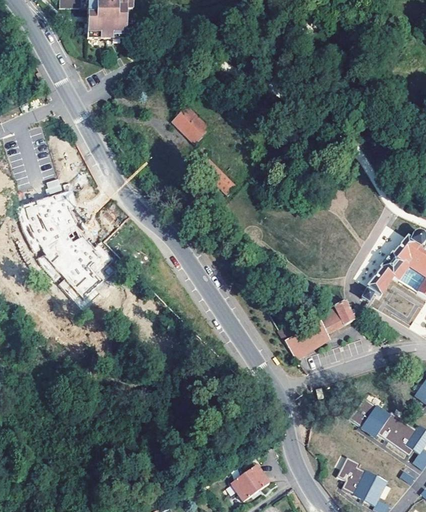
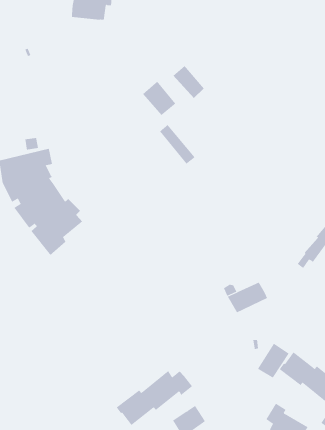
building: none -> [173,65,205,99]
building: [317,301,357,334] -> none
building: none -> [257,343,289,379]
building: none -> [116,370,193,426]

